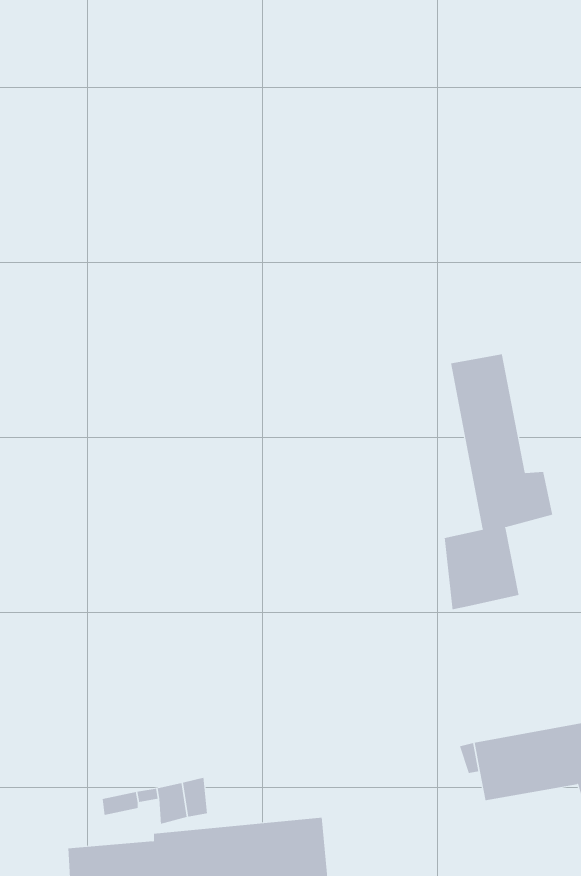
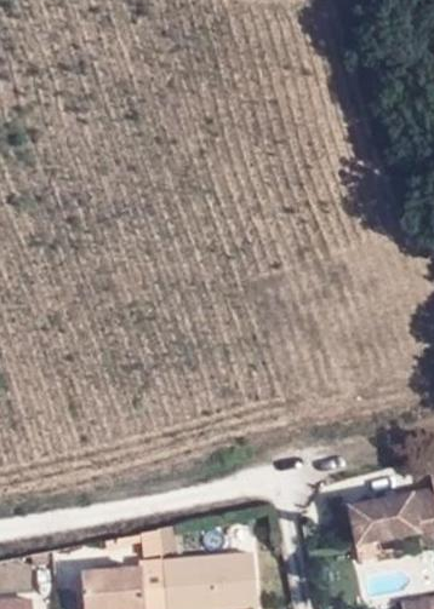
building: [444,353,553,610] -> none

